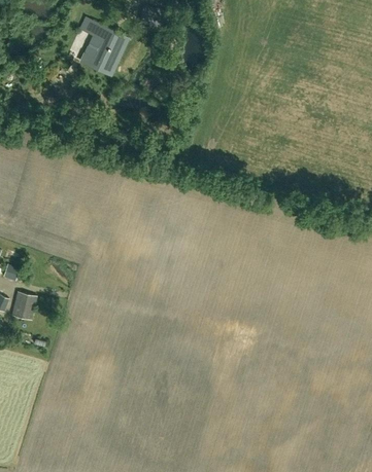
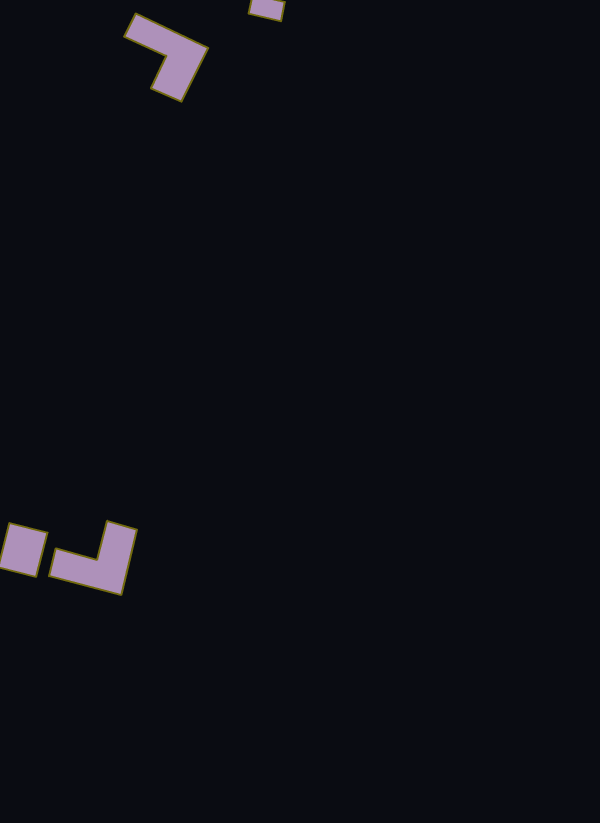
building: none -> [49,521,137,595]

